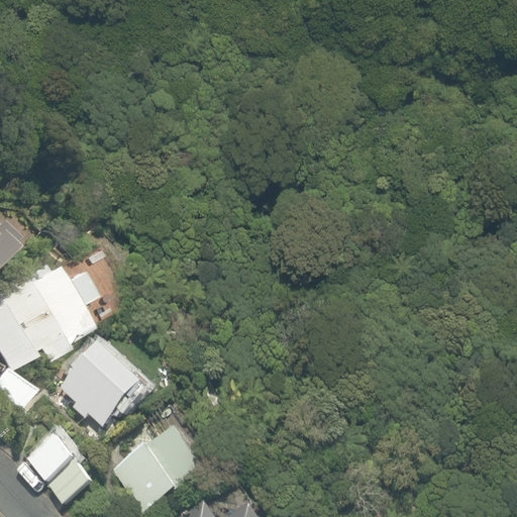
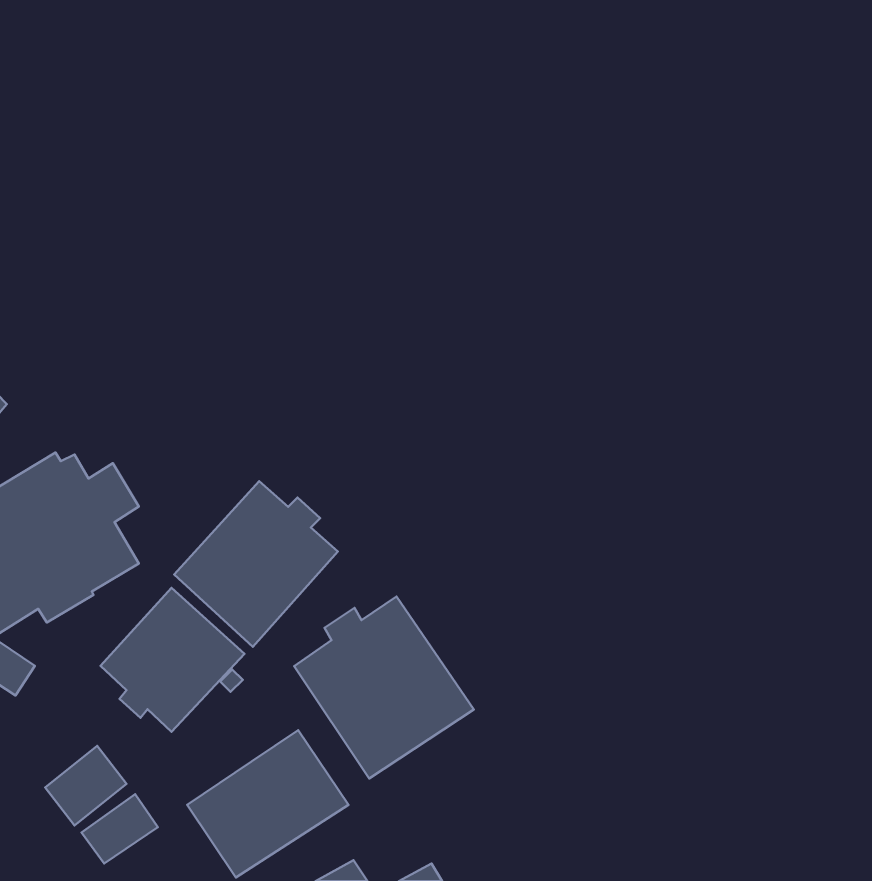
building: none -> [174,481,338,647]
building: none -> [294,596,474,779]

